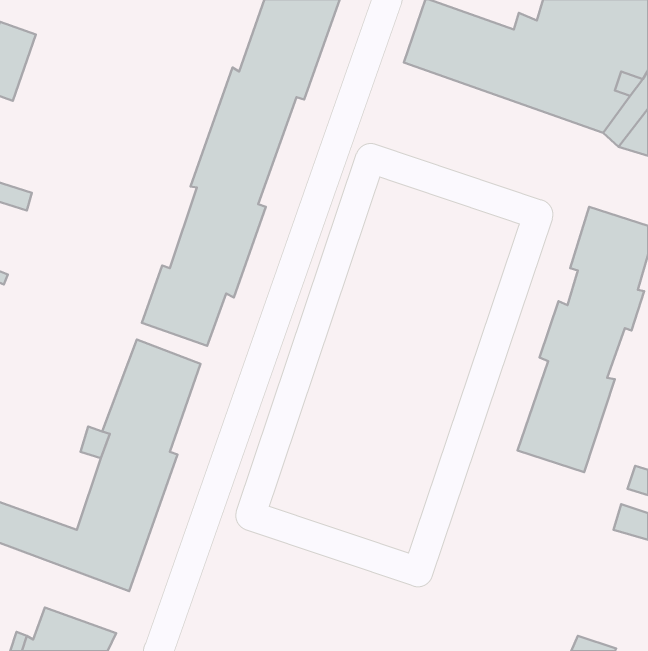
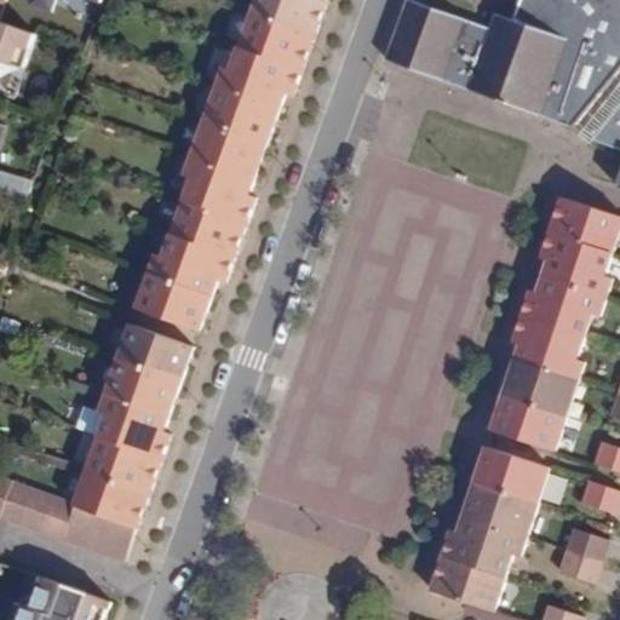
building: none -> [427,444,547,610]
building: none -> [557,533,607,585]

